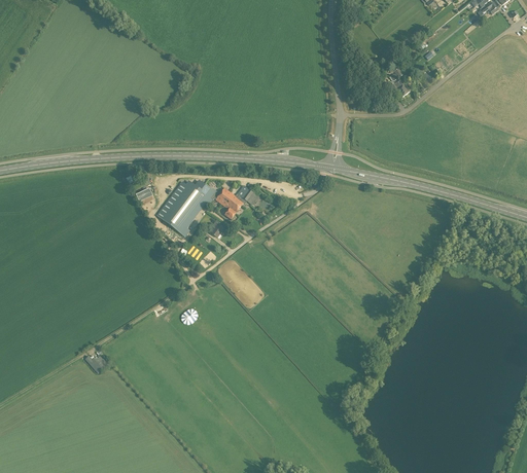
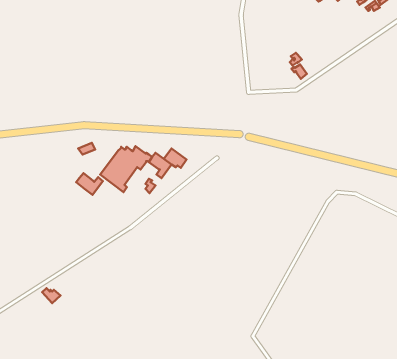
building: none -> [76,173,103,195]

